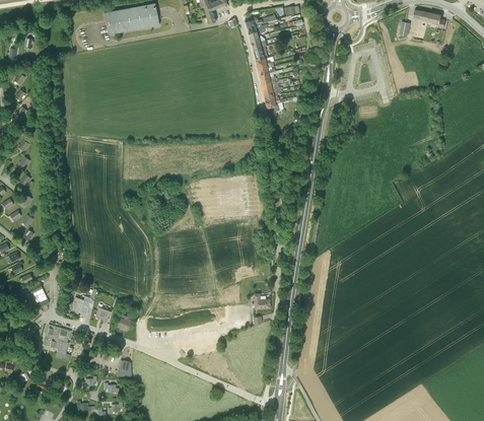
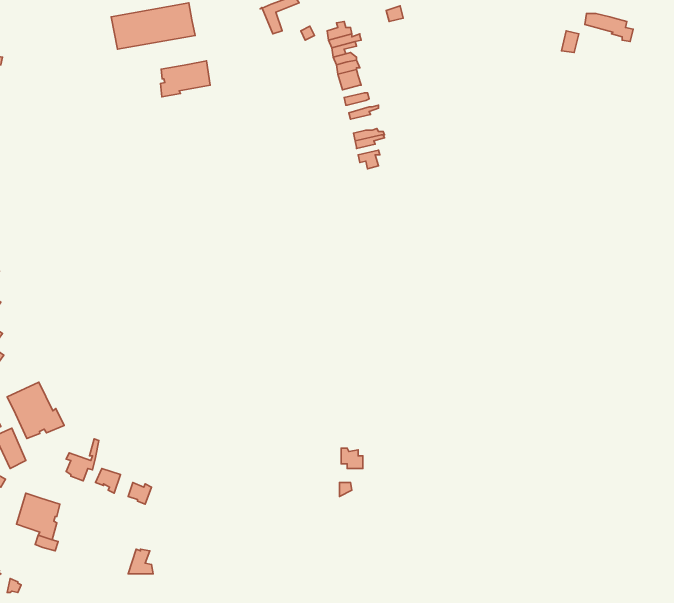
building: none -> [160,61,210,97]
building: none -> [7,382,64,438]

